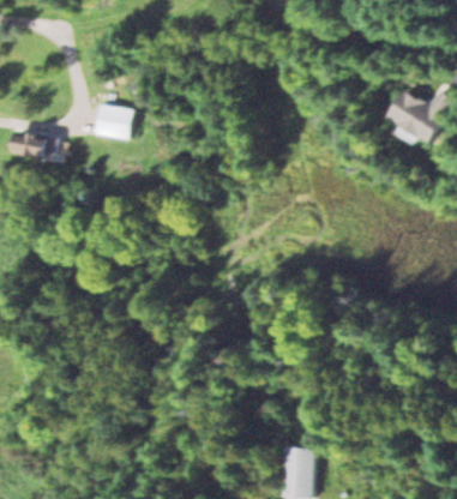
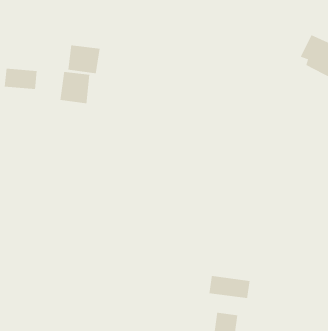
building: none -> [60,71,90,104]
building: none -> [209,275,250,299]

